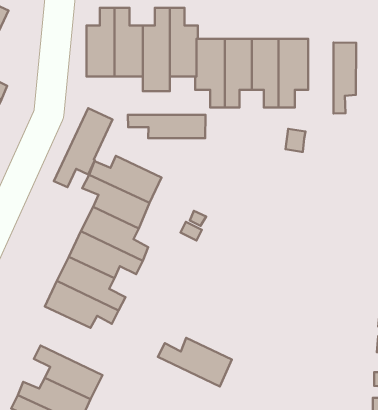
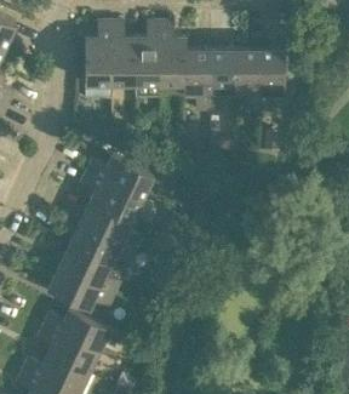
building: [333,43,356,113] -> none
building: [54,108,112,187] -> none
building: [128,115,205,138] -> none
building: [158,338,232,386] -> [44,308,110,352]

